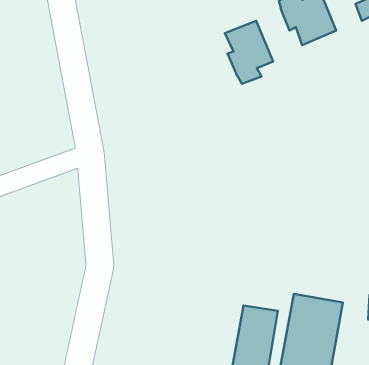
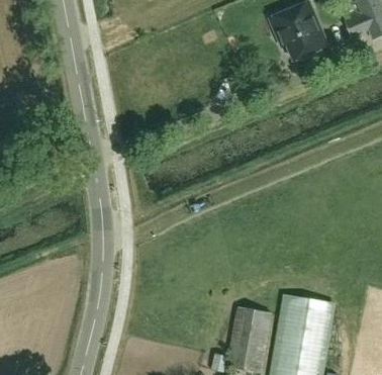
building: [225,21,273,84] -> none

